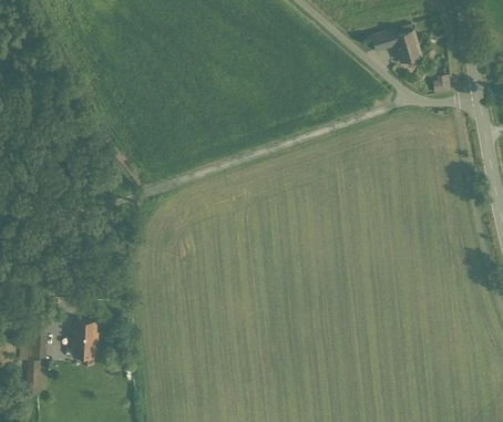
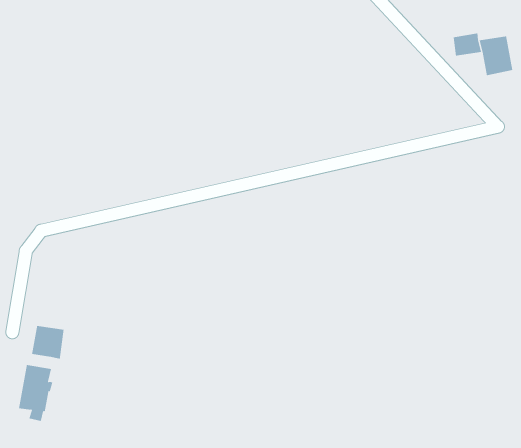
building: none -> [32,325,64,360]

